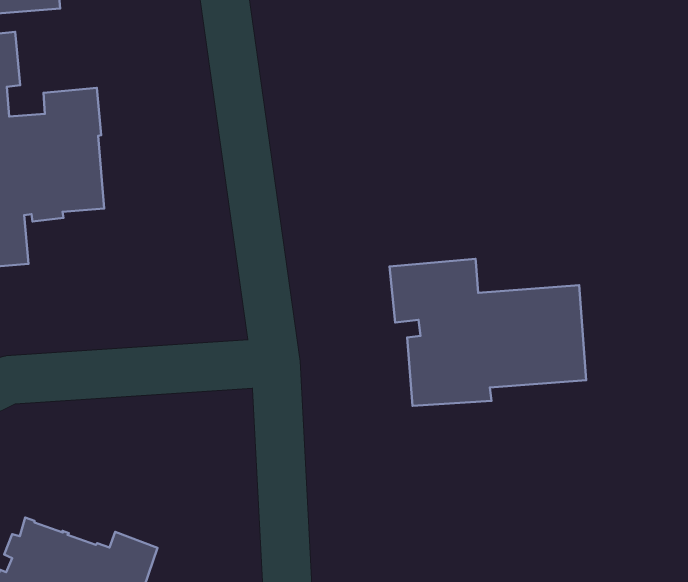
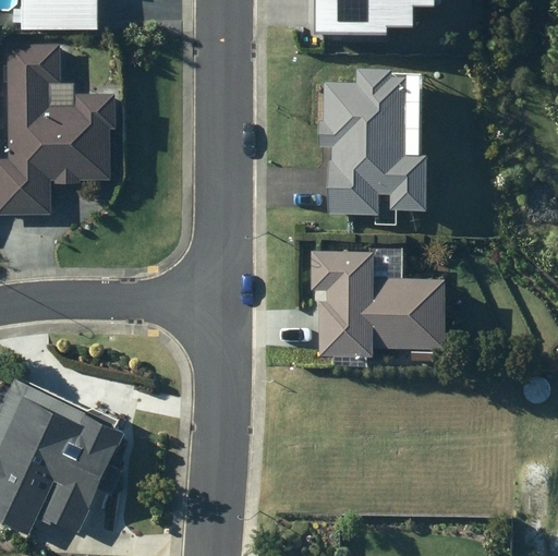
building: none -> [319,71,438,217]

